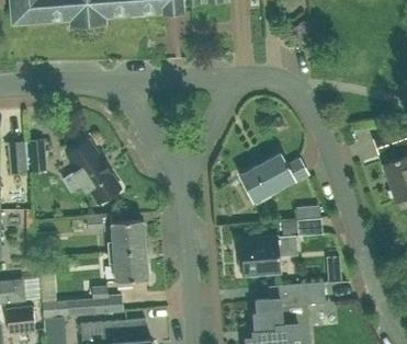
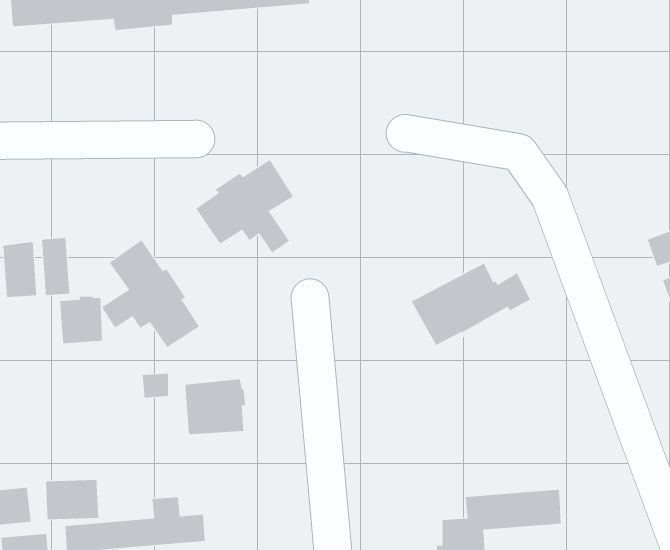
building: none -> [195,159,294,254]
building: none -> [60,296,103,344]
building: [239,220,323,276] -> none
building: [113,250,148,287] -> none

